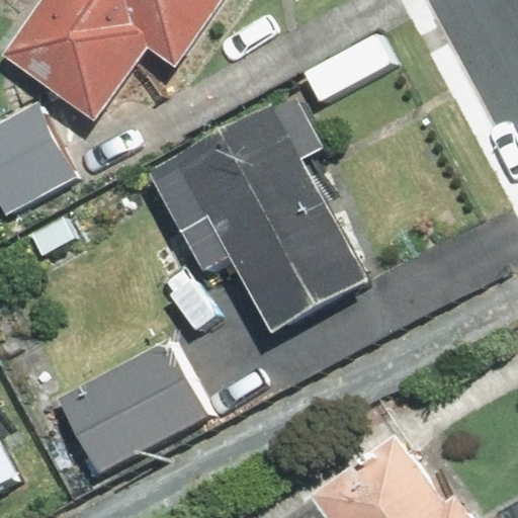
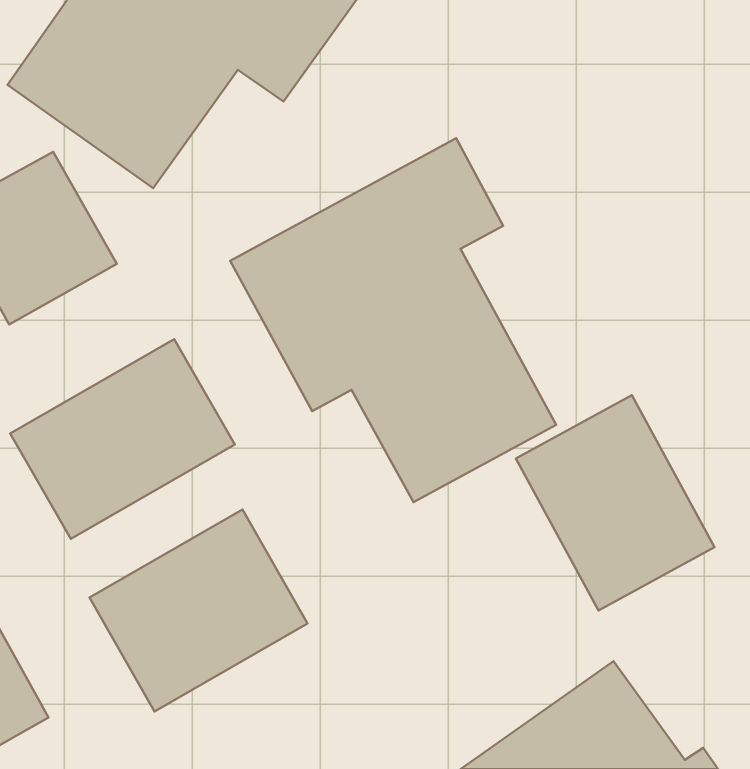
building: none -> [10,339,235,539]
building: none -> [516,395,714,610]

